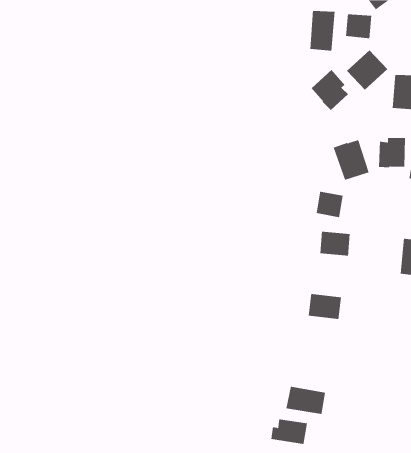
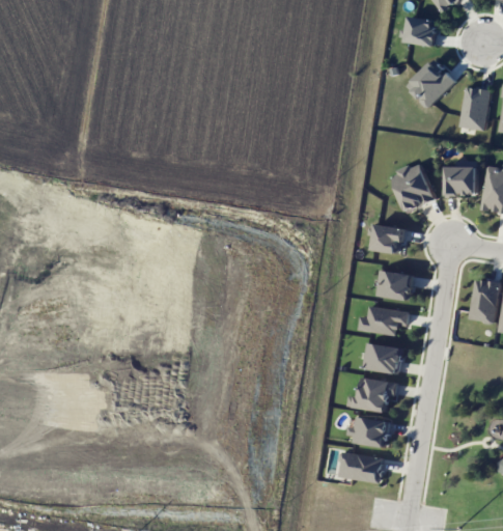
building: [310,10,335,52] -> none
building: [311,69,349,111] -> none
building: none -> [359,306,410,334]
building: none -> [357,376,398,412]
building: [270,419,308,445] -> [347,416,391,446]

